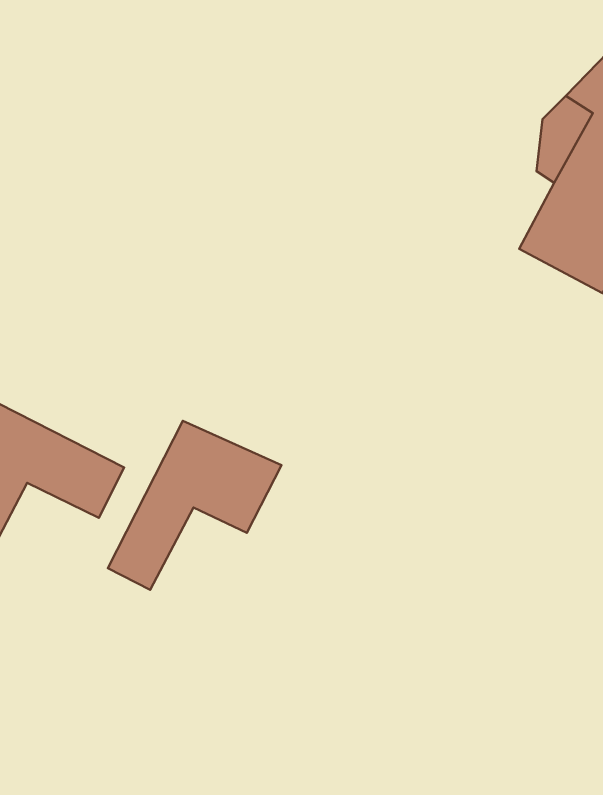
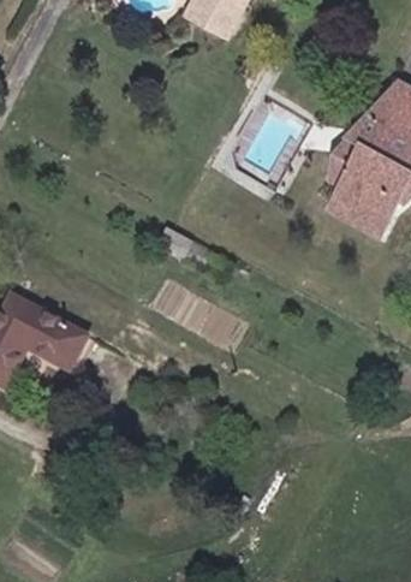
building: [108,421,282,590] -> none

